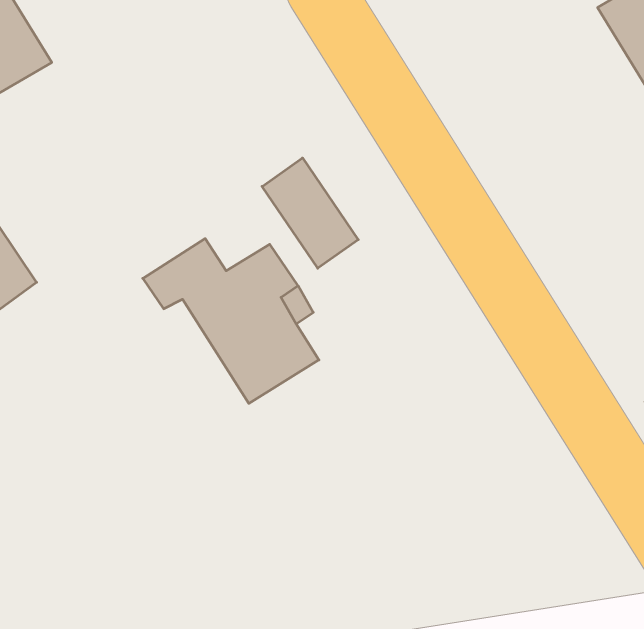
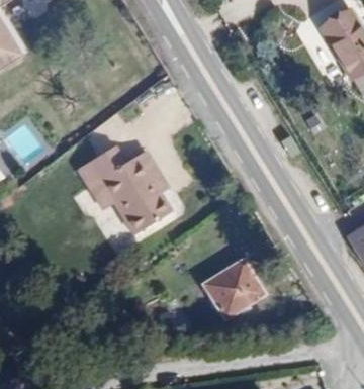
building: [262,158,358,268] -> none
building: none -> [201,261,263,320]

